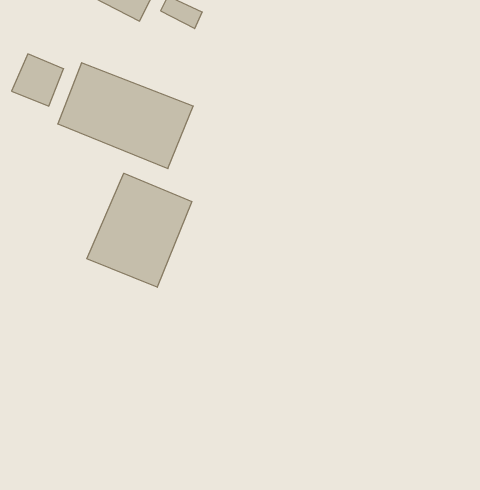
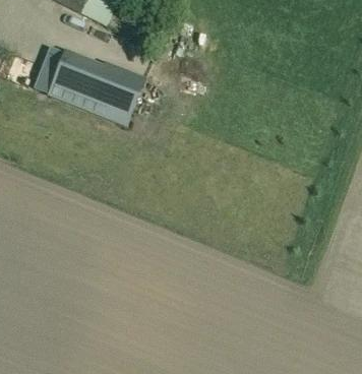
building: [87,173,192,287] -> none

